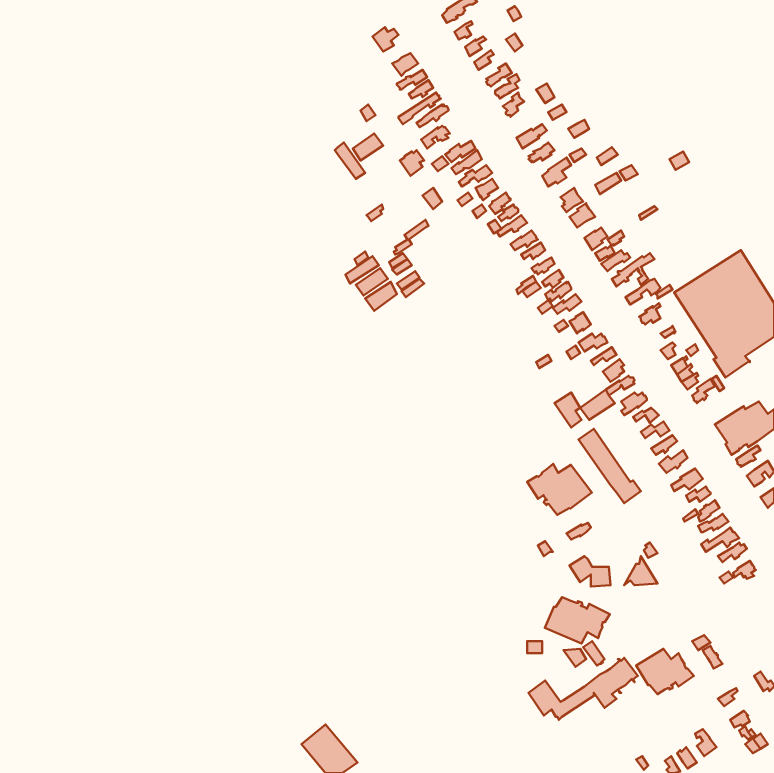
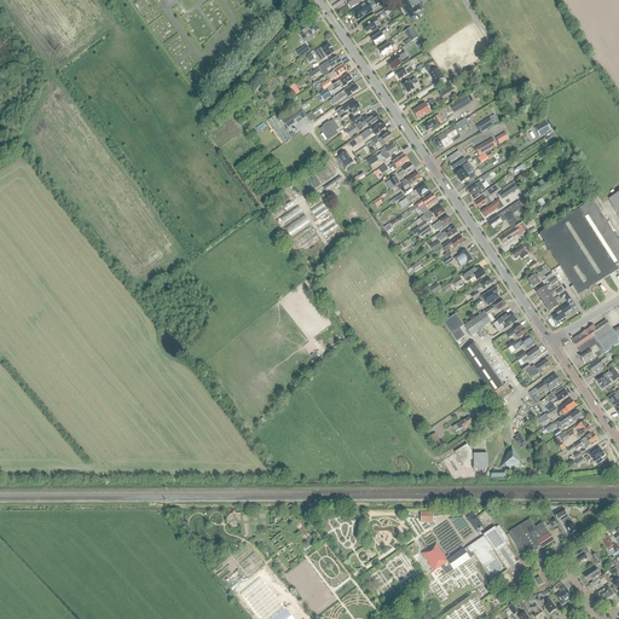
building: [527,464,592,515] -> none
building: [545,597,610,644] -> none

